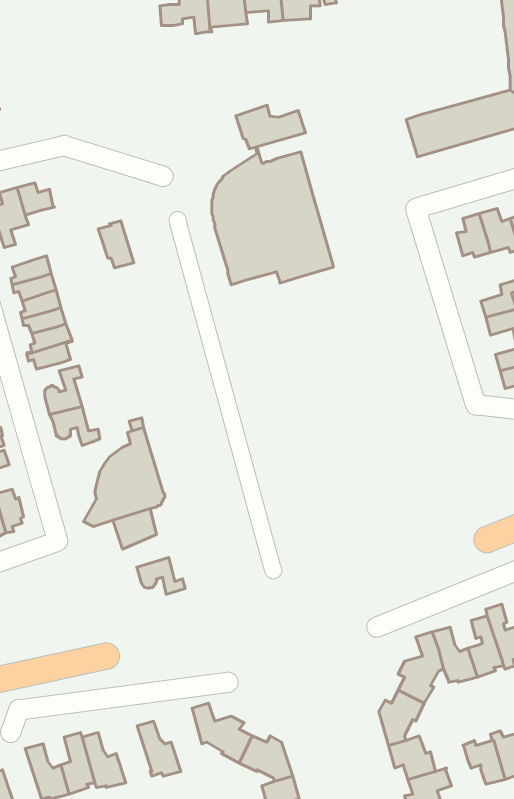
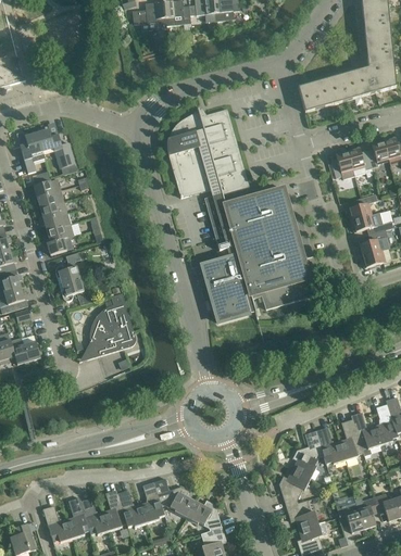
building: [236,105,305,149] -> none
building: [98,221,134,268] -> [53,142,77,174]
building: none -> [202,189,313,323]
building: [137,557,185,594] -> none
building: none -> [140,481,164,523]
building: none -> [103,490,127,531]

